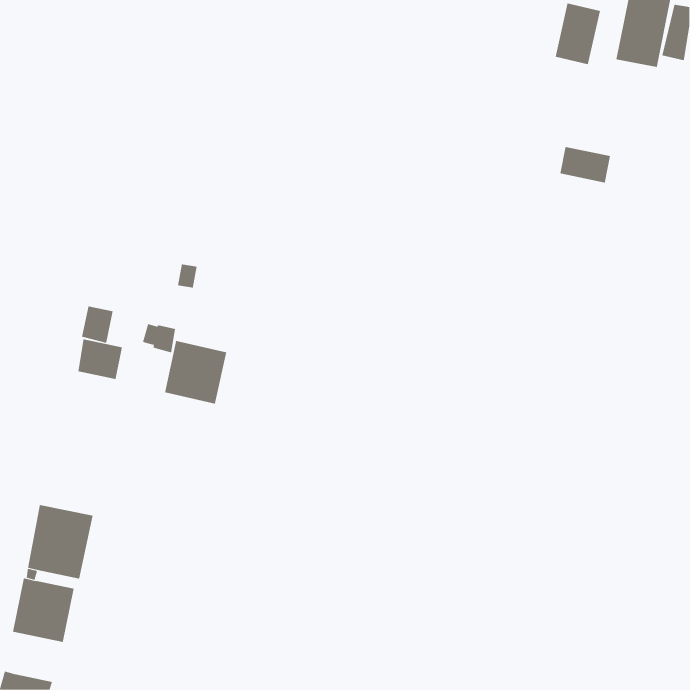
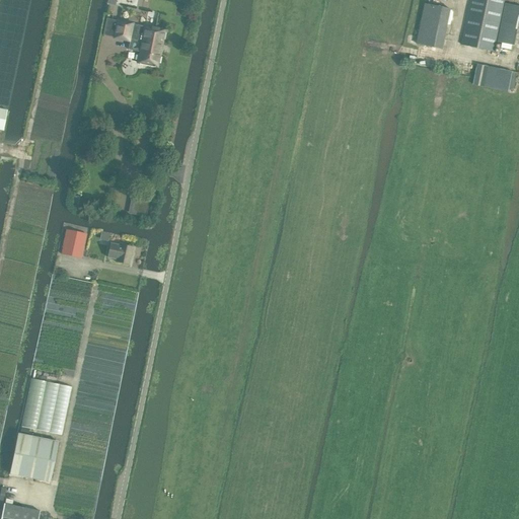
building: none -> [113,19,163,65]
building: [560,147,611,183] -> [472,64,511,91]
building: [78,339,123,380] -> none
building: [164,340,227,404] -> none

